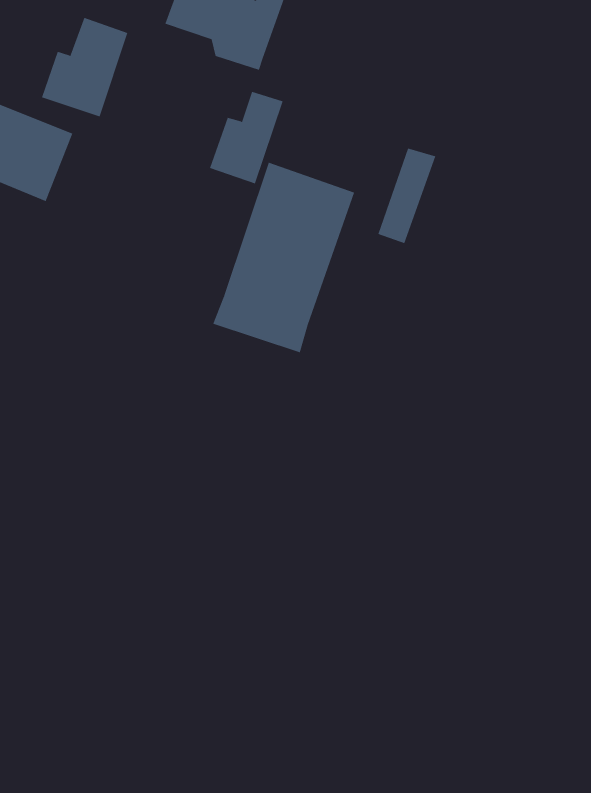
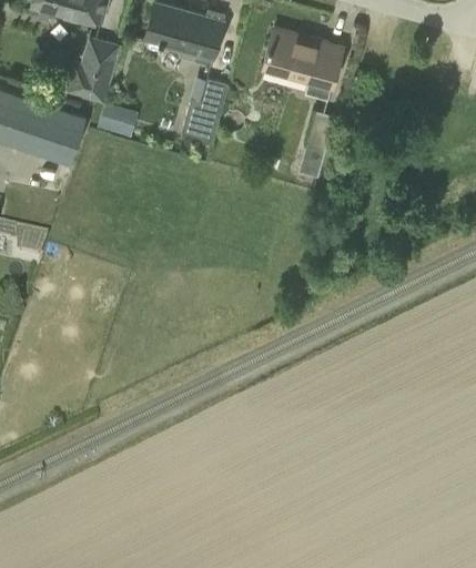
building: none -> [263,27,342,97]
building: none -> [99,101,138,133]
building: [213,162,355,353] -> none

